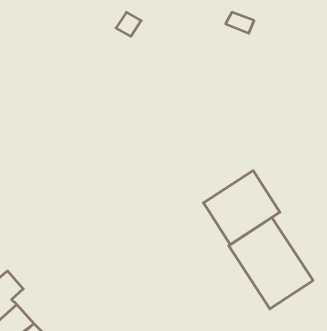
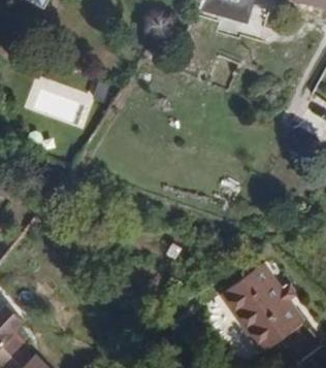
building: [203,171,280,244] -> none

